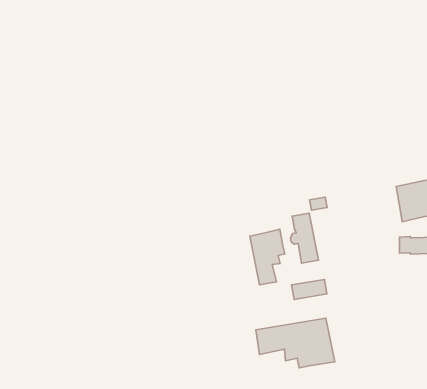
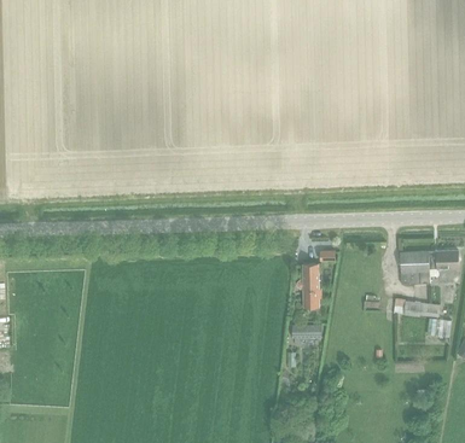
building: [250,229,285,285] -> none
building: [256,318,335,368] -> none

